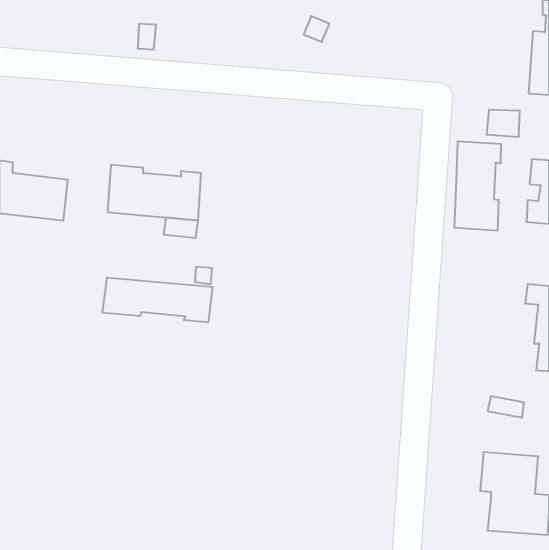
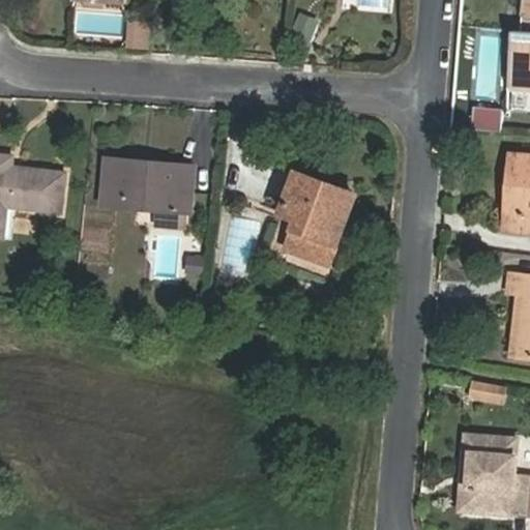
building: [455,141,501,231] -> none
building: none -> [281,172,351,264]
building: [102,277,213,322] -> none

